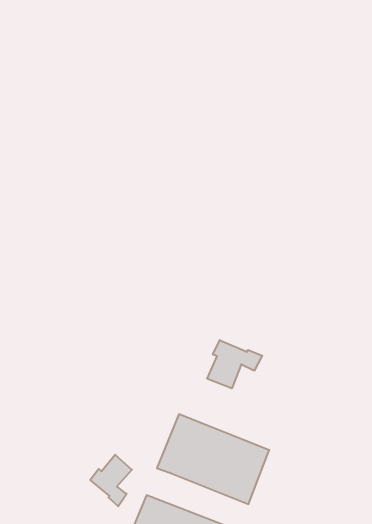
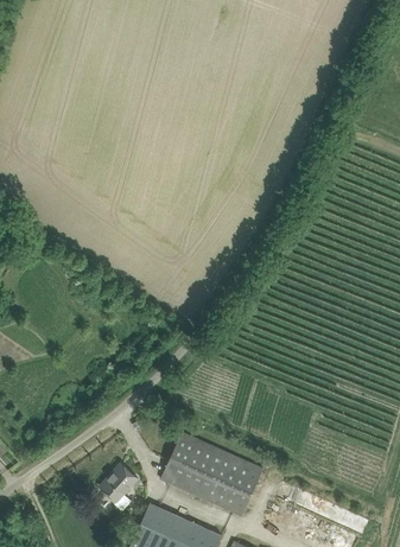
building: [207,340,262,388] -> none

